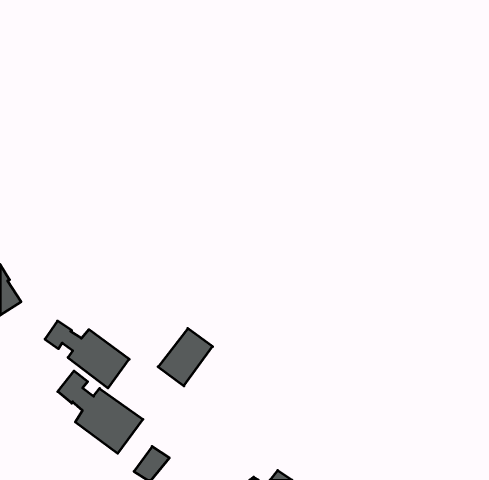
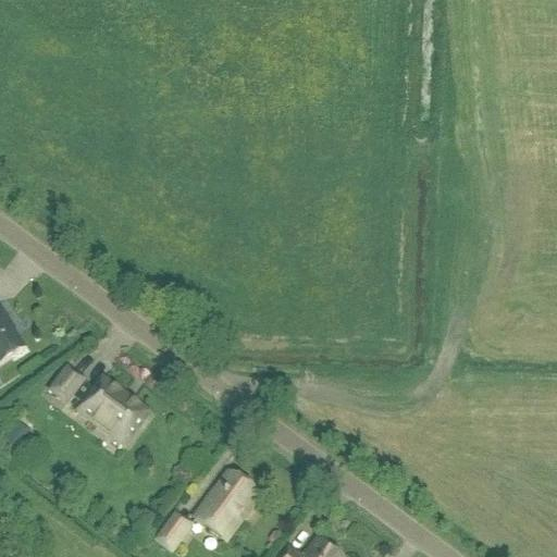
building: [158,328,213,386] -> [195,469,257,534]
building: [58,371,143,453] -> none

